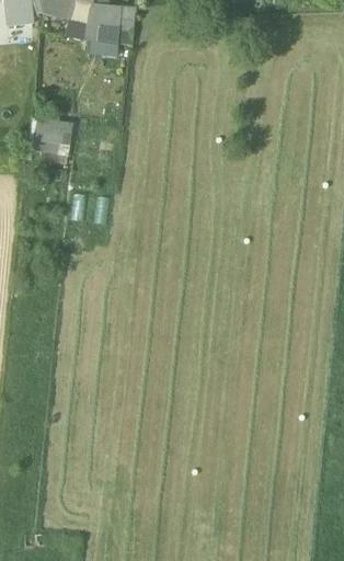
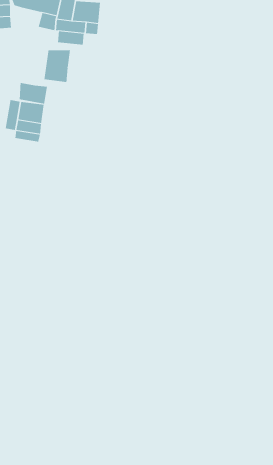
building: none -> [44,49,71,83]
building: none -> [19,82,48,104]

